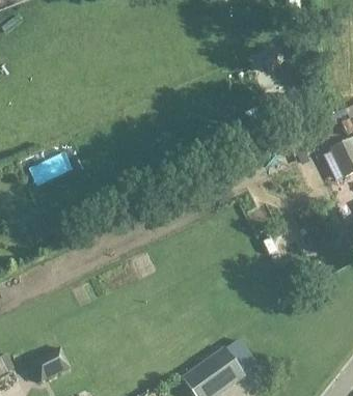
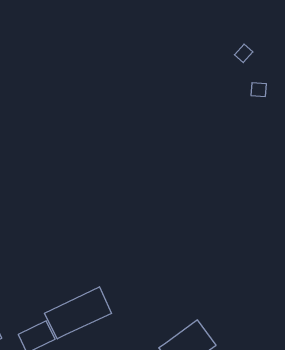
building: none -> [44,287,112,339]

